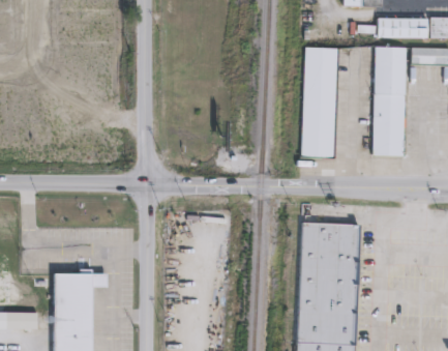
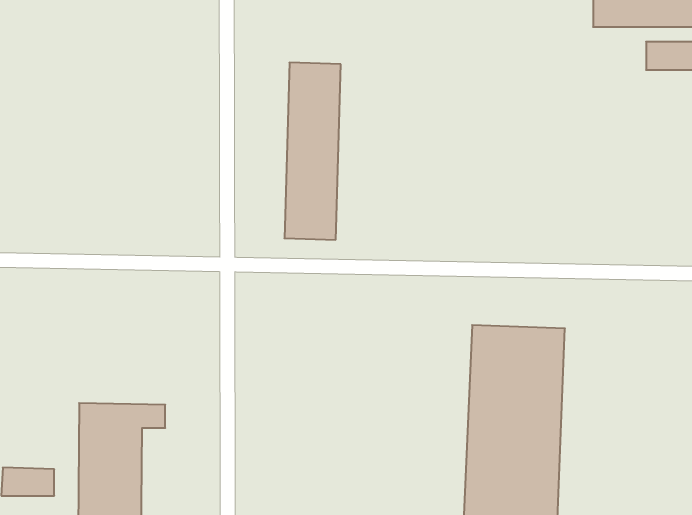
building: [301,46,336,156] -> [284,63,341,240]
building: [372,46,405,154] -> none

